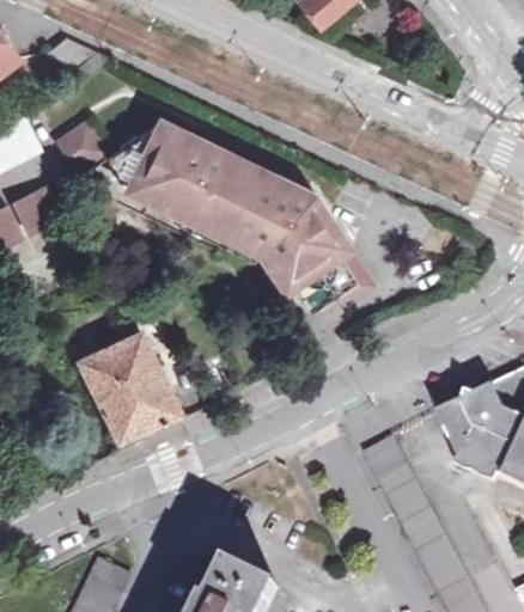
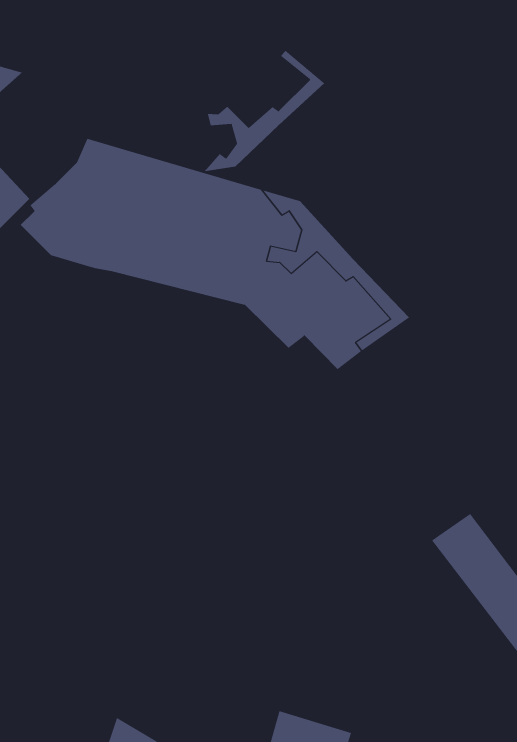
building: none -> [203,50,325,172]
building: [78,326,179,445] -> none

